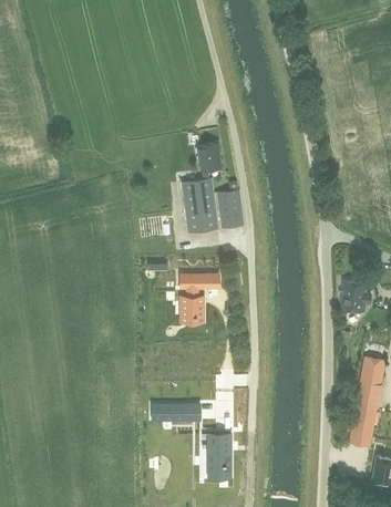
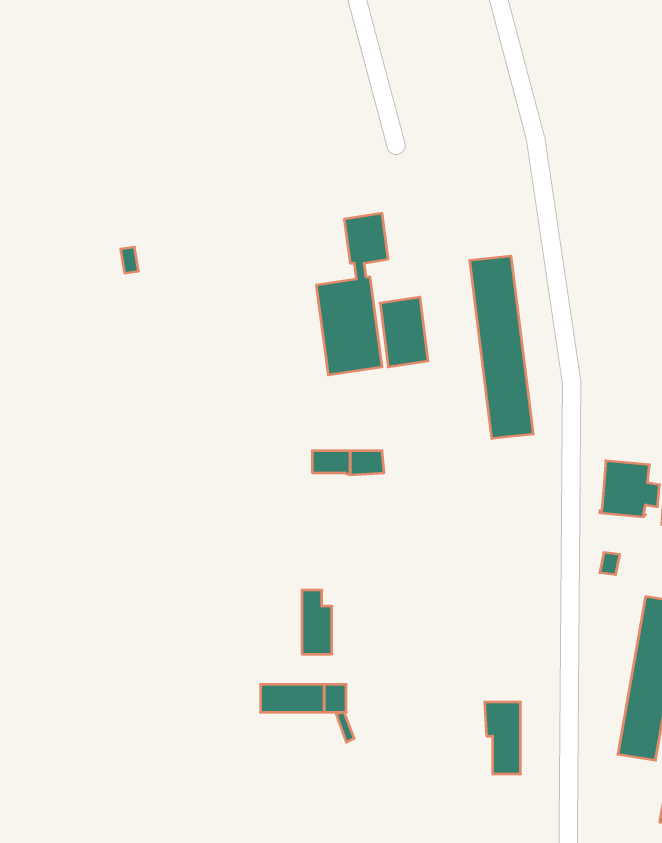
building: none -> [470,256,533,439]
building: [186,287,203,322] -> [302,590,332,654]
building: [209,433,229,473] -> [485,702,521,774]

